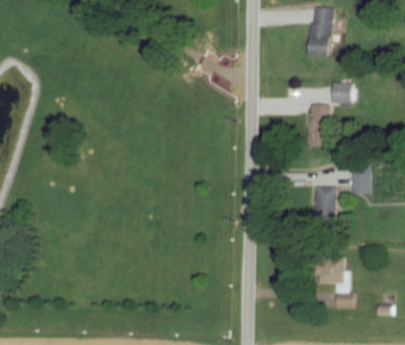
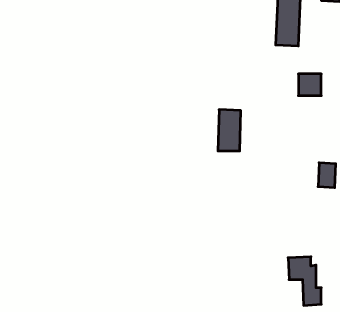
building: [306,104,328,144] -> [218,110,241,151]
building: [314,187,336,221] -> none

